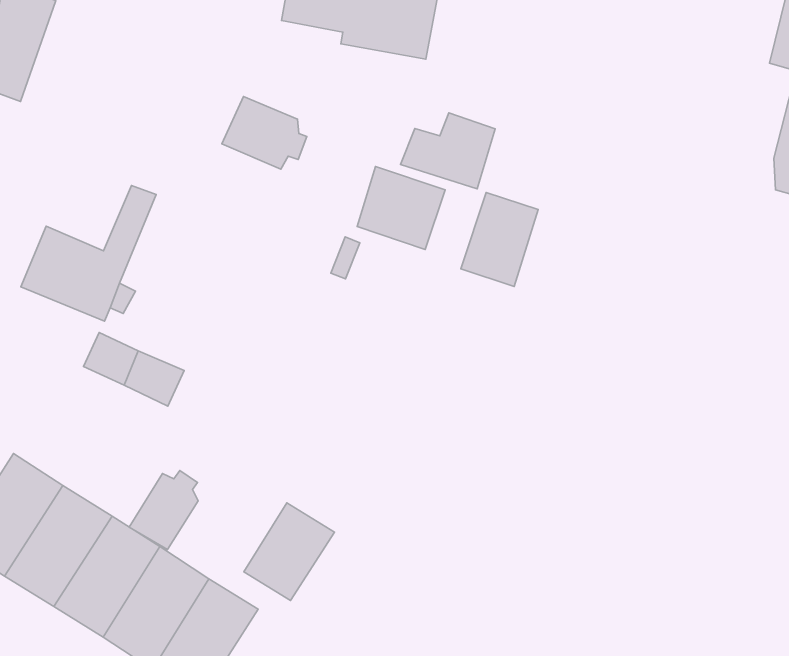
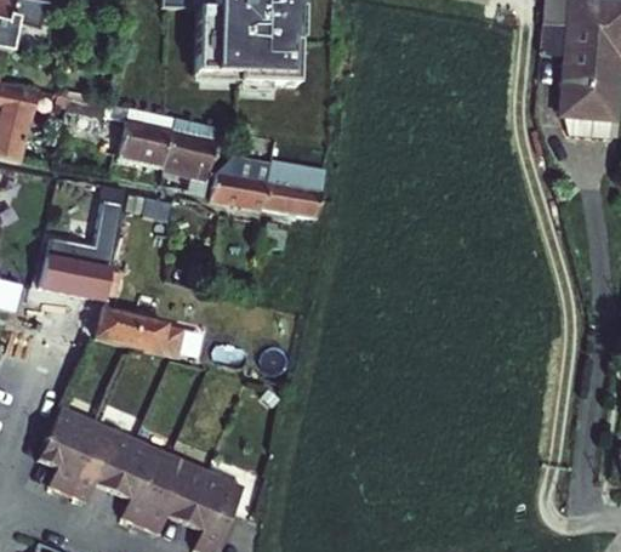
building: none -> [124,106,180,165]
building: [400,113,495,189] -> [217,158,279,207]
building: [461,193,538,287] -> none
building: [129,471,198,550] -> none
building: [244,503,334,601] -> none

